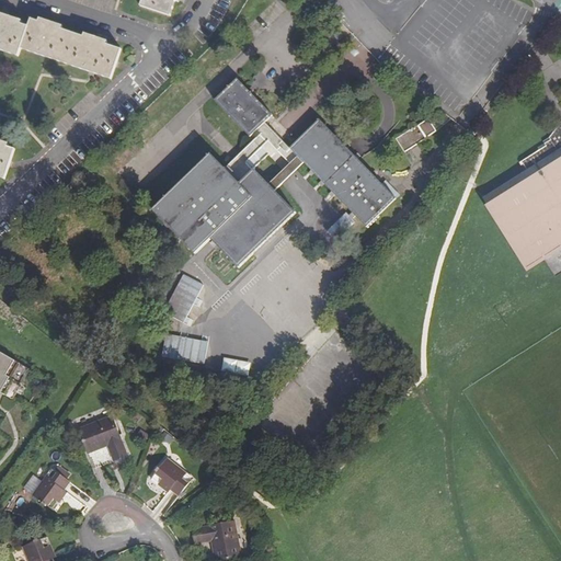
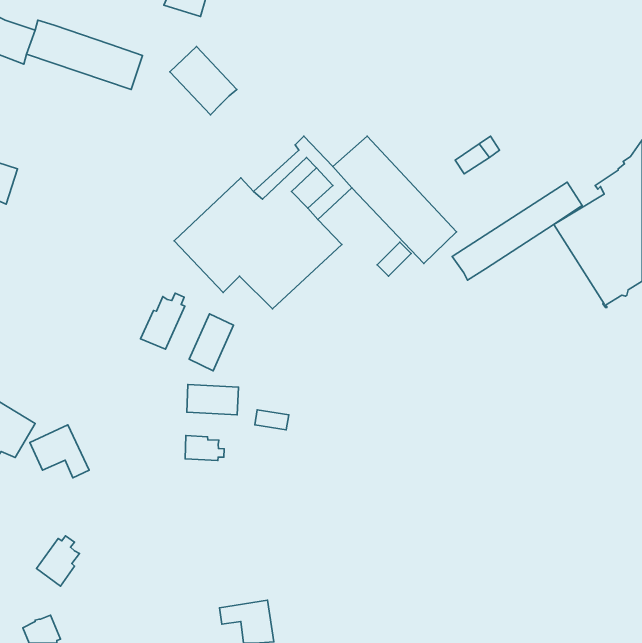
building: [213,76,271,135] -> [170,47,237,115]
building: none -> [452,182,582,280]
building: none -> [140,293,185,349]
building: none -> [185,436,224,461]
building: [76,413,127,459] -> [30,425,89,478]
building: [149,459,191,496] -> none

